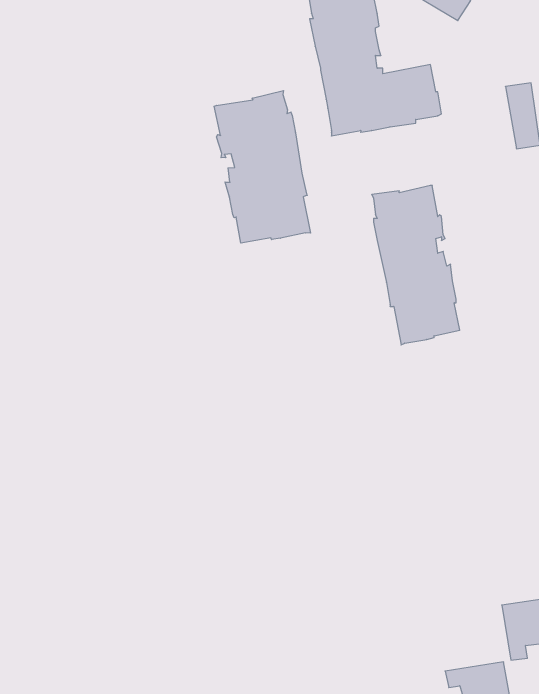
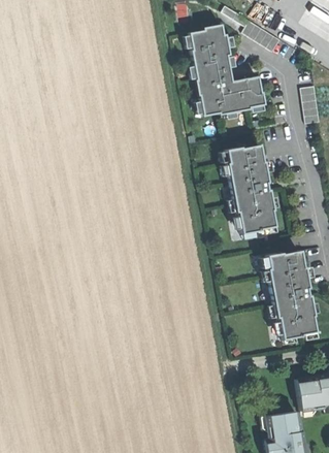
building: [214,91,310,243] -> none
building: none -> [266,250,315,338]

